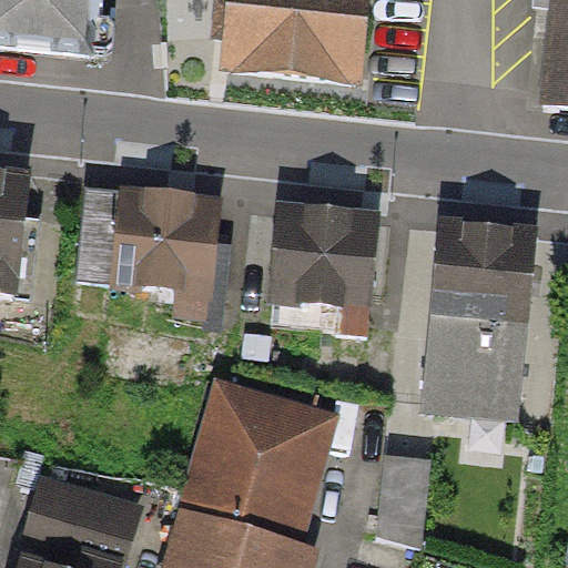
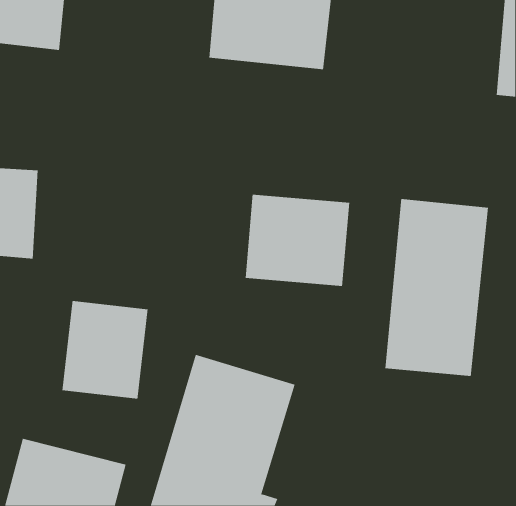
building: [88,192,223,303] -> none
building: none -> [62,300,148,400]
building: [378,447,432,540] -> none

